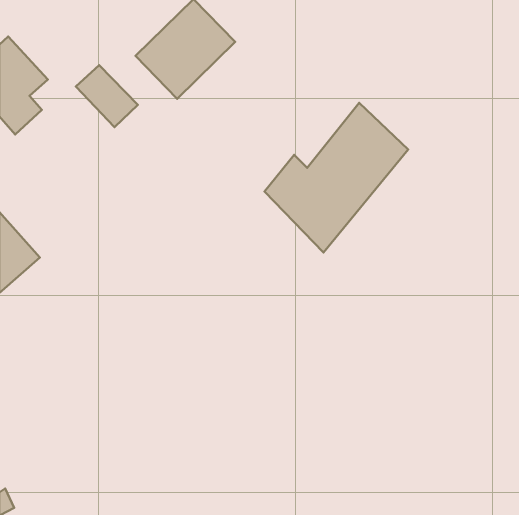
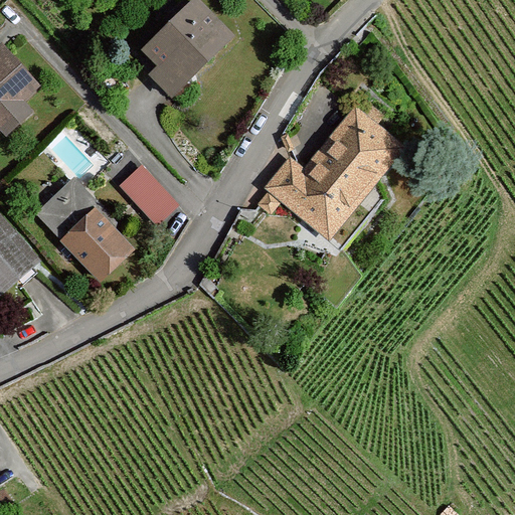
building: [76,65,138,127] -> [118,166,179,227]
building: none -> [31,175,134,283]

